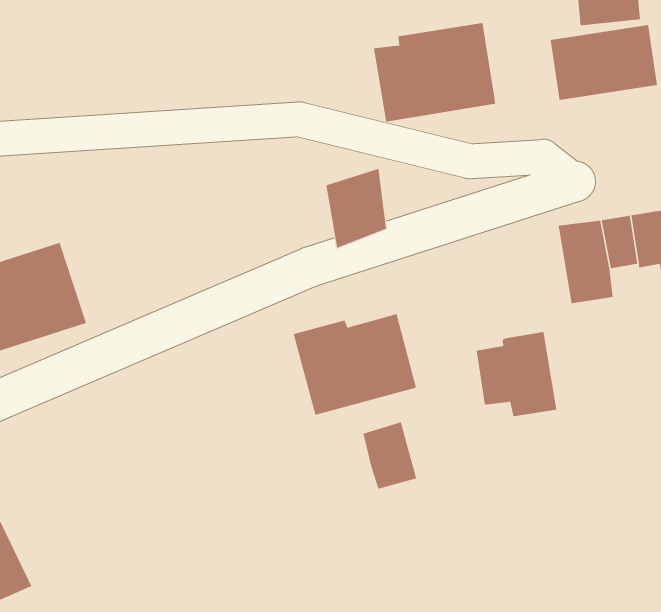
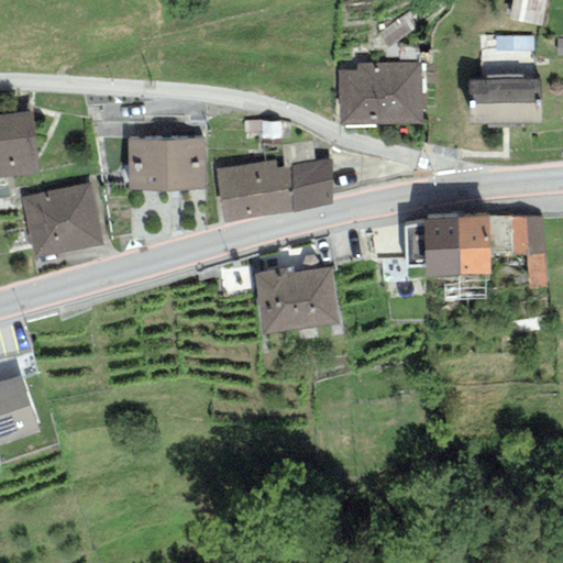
building: none -> [128,136,203,189]
building: none -> [216,157,292,222]
building: [476,332,557,417] -> [405,216,459,275]
building: [363,421,417,489] -> none

